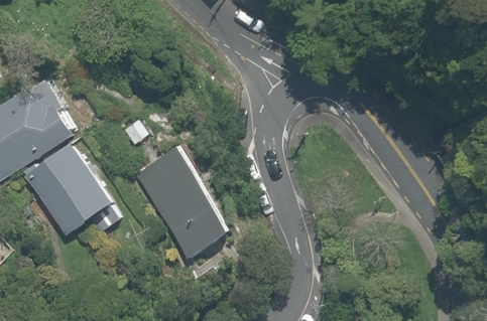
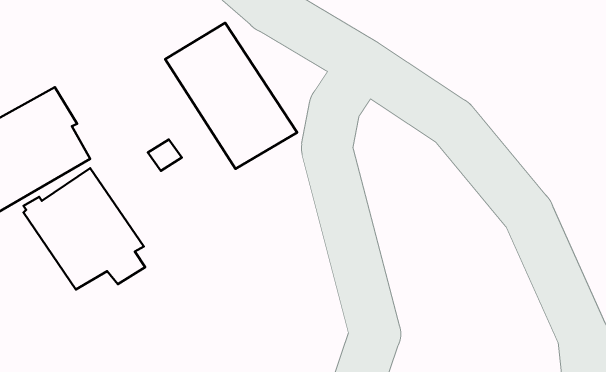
building: [133,144,235,257] -> [165,23,297,169]

